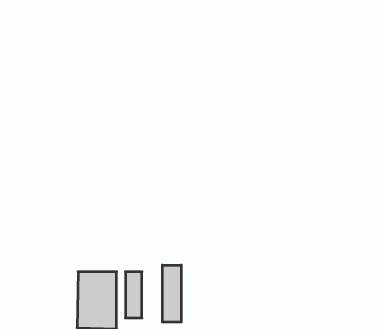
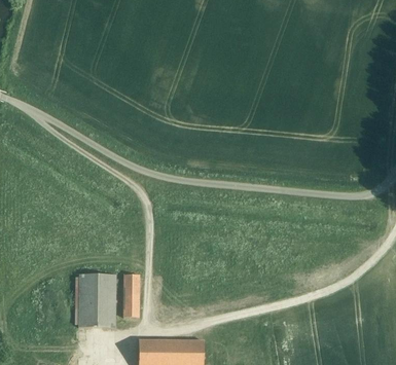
building: [162,265,181,322] -> none

